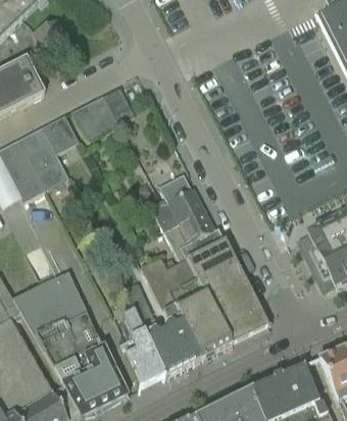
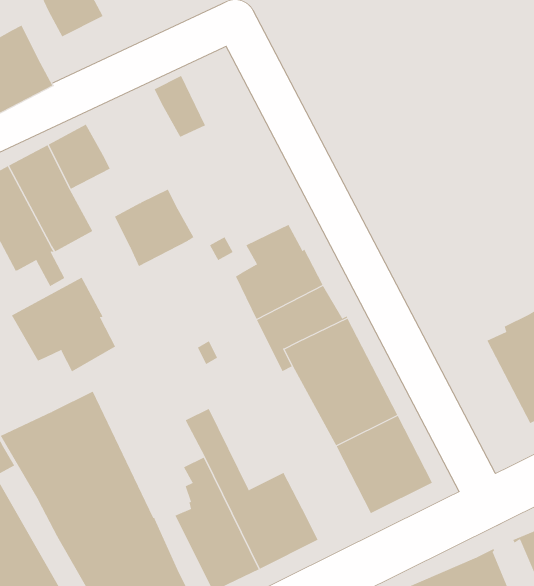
building: [72,92,119,138] -> [114,189,194,267]
building: none -> [11,277,116,372]
building: [142,254,232,357] -> none

